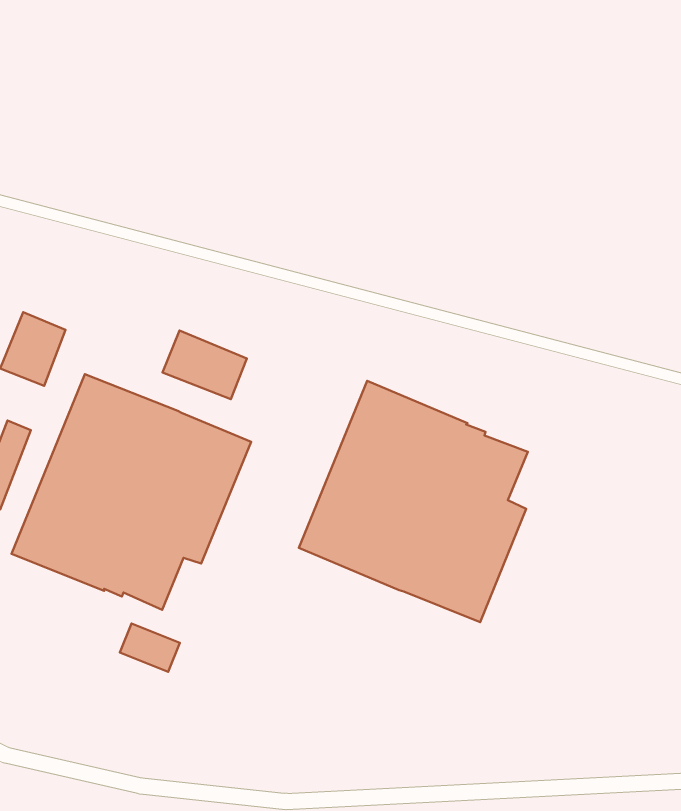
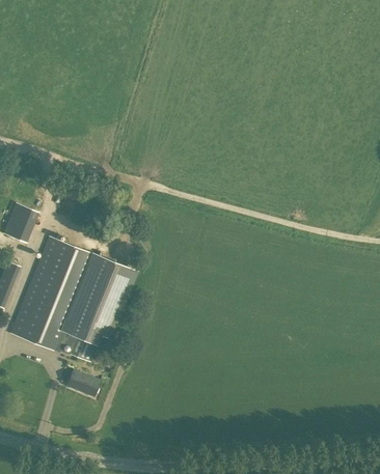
building: [162,330,247,399] -> none
building: [299,381,528,622] -> none

